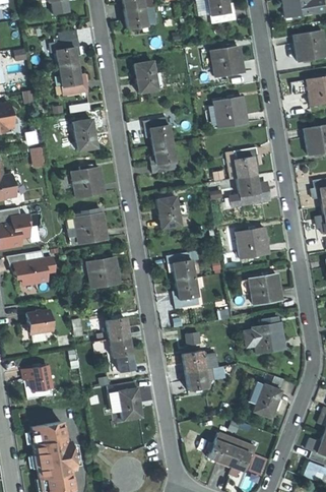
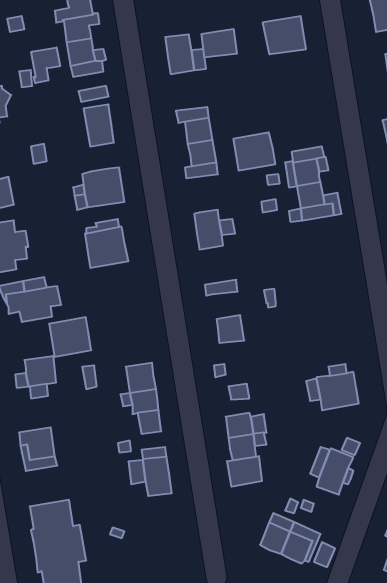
building: none -> [202,29,237,57]
building: none -> [31,47,60,83]
building: [215,100,248,129] -> [233,132,275,171]
building: [236,229,268,258] -> none
building: [87,255,120,286] -> [49,317,91,357]
building: [173,261,194,283] -> none
building: [249,273,282,305] -> none
building: none -> [227,456,262,487]

